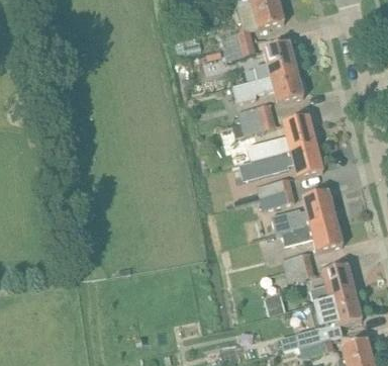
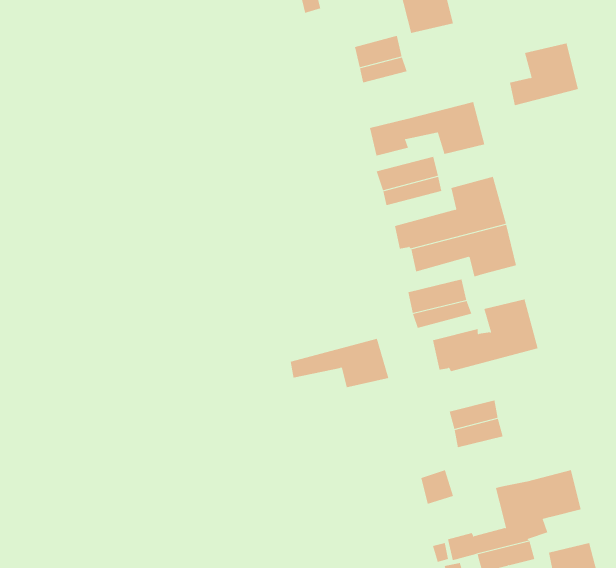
building: [255,41,297,80] -> [509,43,579,106]
building: [283,220,344,251] -> [290,338,389,388]
building: [310,264,357,301] -> none

